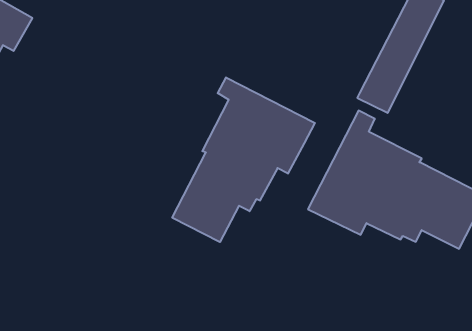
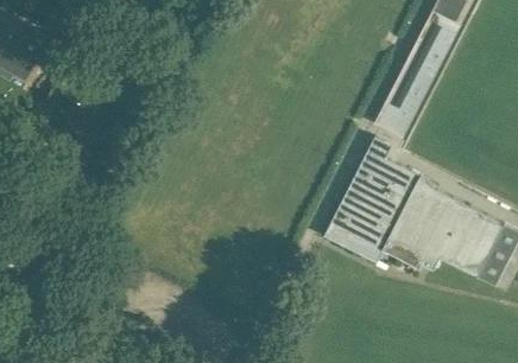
building: [172,77,315,242] -> none

